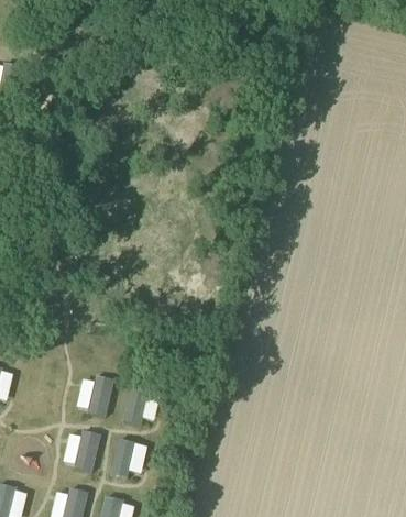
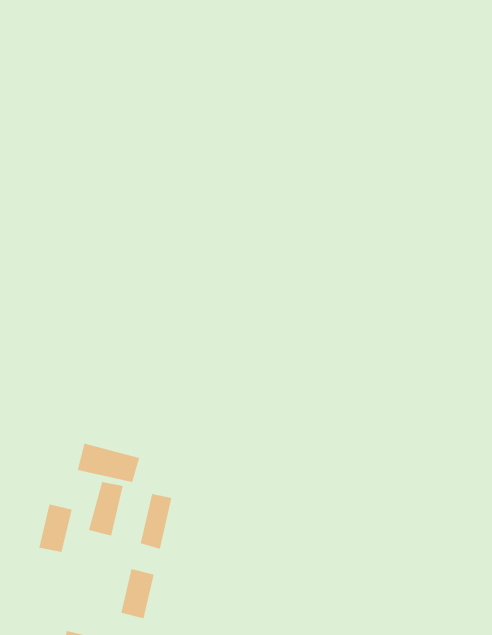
building: none -> [77,443,140,483]
building: [75,432,100,469] -> [38,504,72,552]

